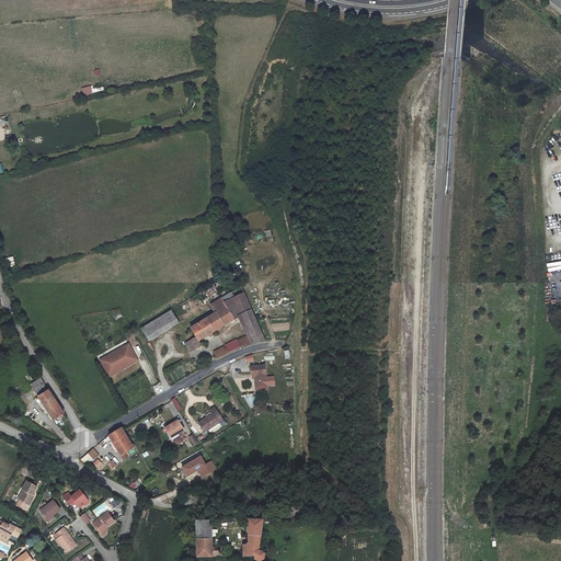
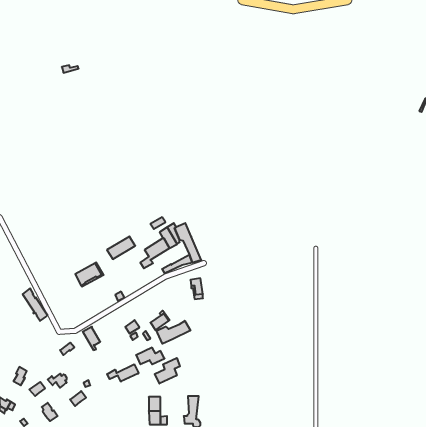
building: none -> [157,321,190,344]
building: none -> [155,358,180,384]
building: none -> [107,364,139,382]

